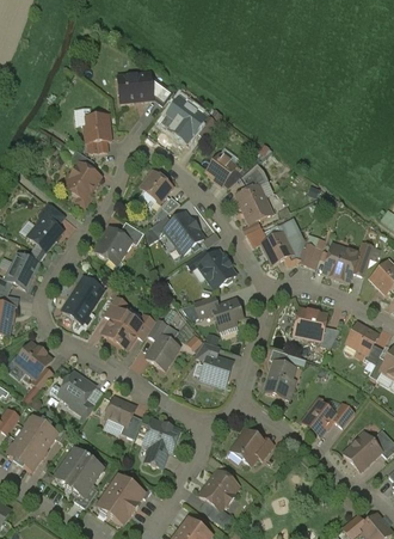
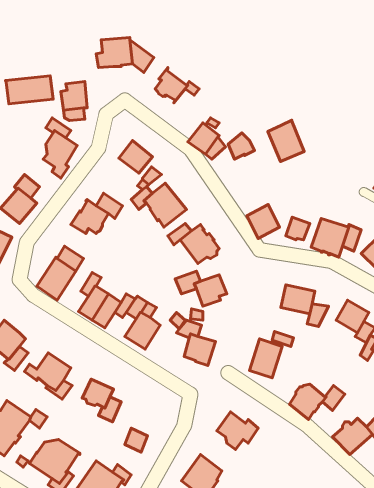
building: none -> [6,76,53,104]
building: [236,183,271,222] -> [268,120,304,161]
building: [143,418,179,452] -> none

